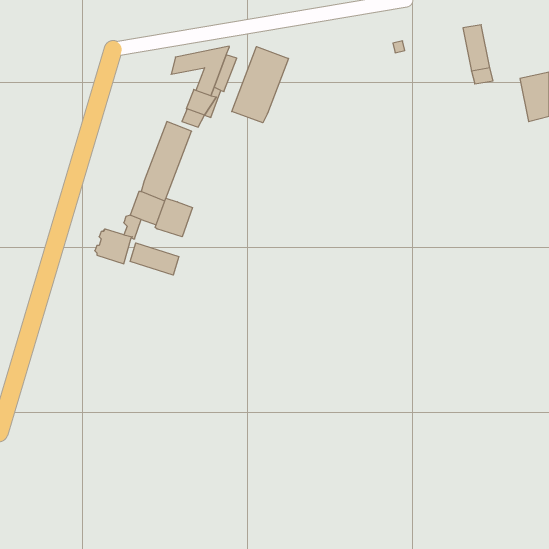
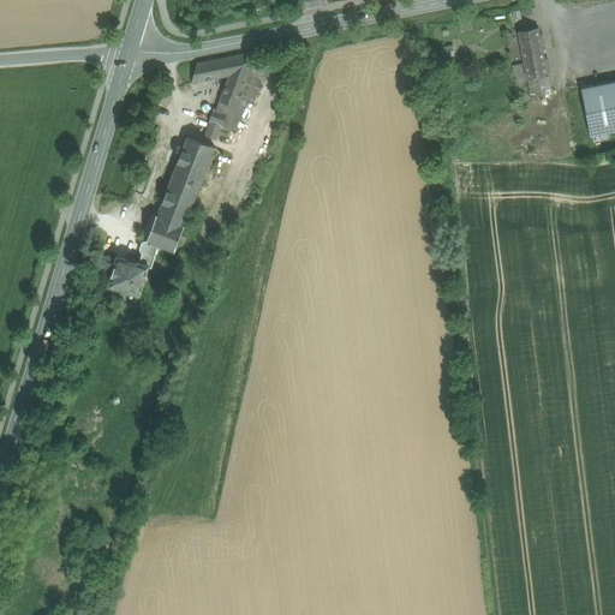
building: [232,47,288,123] -> none
building: [155,198,193,237] -> none
building: [130,243,179,275] -> none

